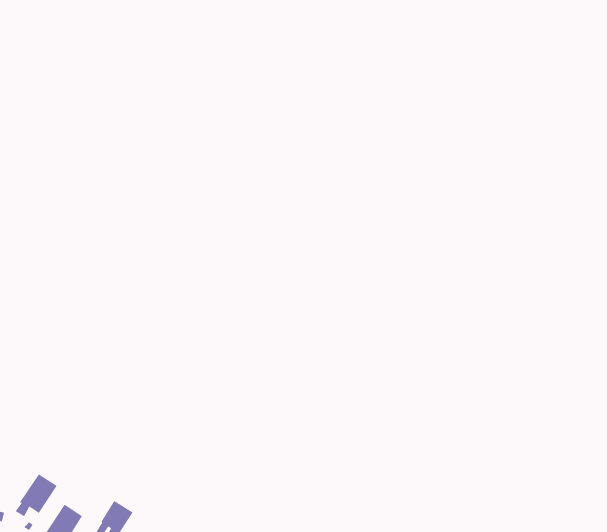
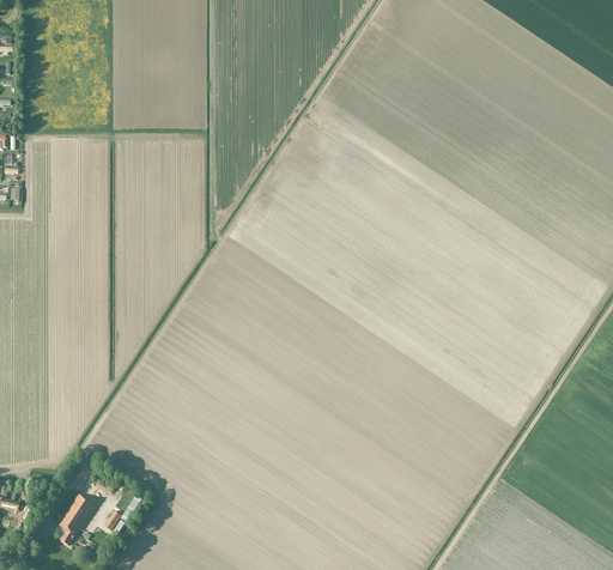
building: [15,473,58,517] -> none

